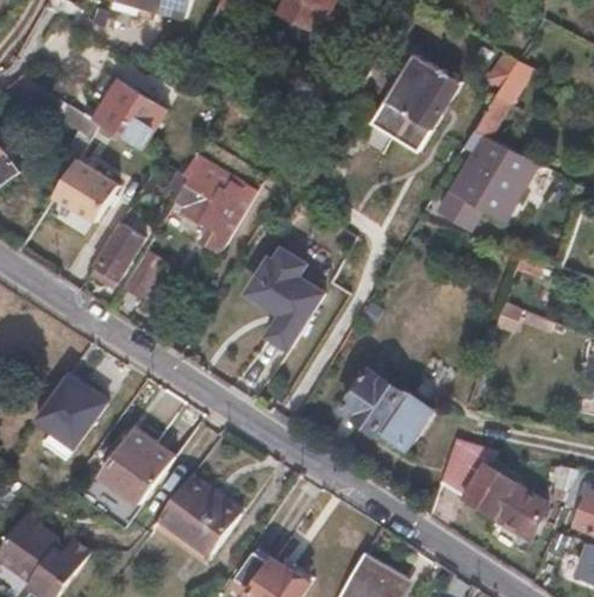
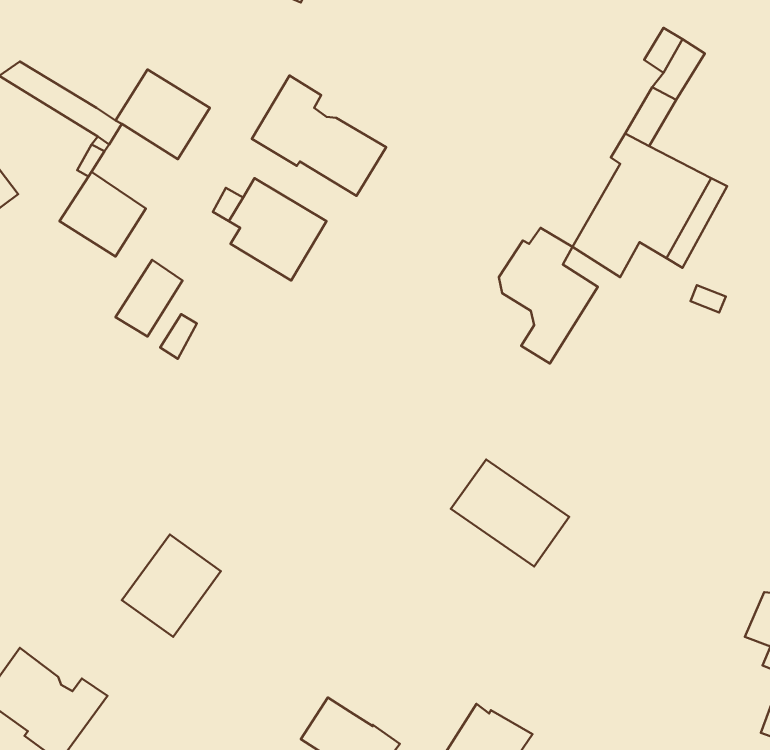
building: [351,56,462,150] -> none
building: none -> [252,75,386,196]
building: [250,247,324,348] -> [499,228,598,364]
building: [33,375,105,460] -> none
building: [440,442,545,540] -> none
building: [157,478,240,557] -> none

